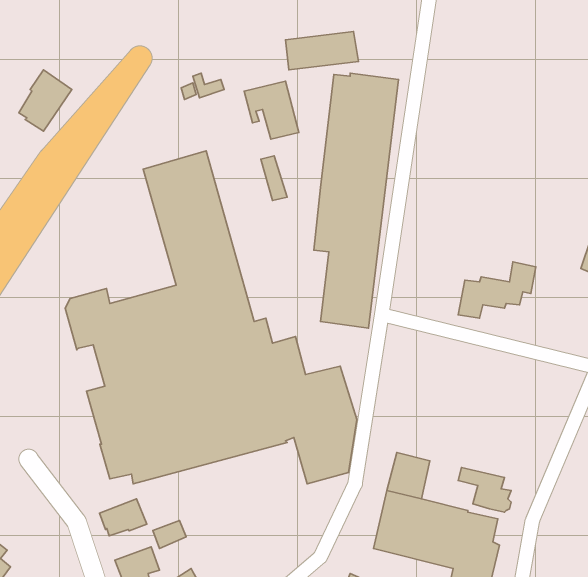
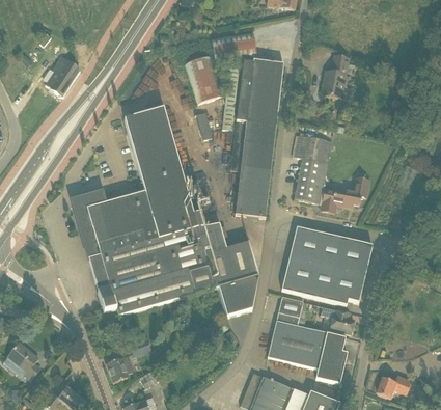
building: none -> [322,55,349,95]
building: none -> [292,134,332,202]
building: none -> [281,226,373,304]
building: [100,499,147,536] -> none

